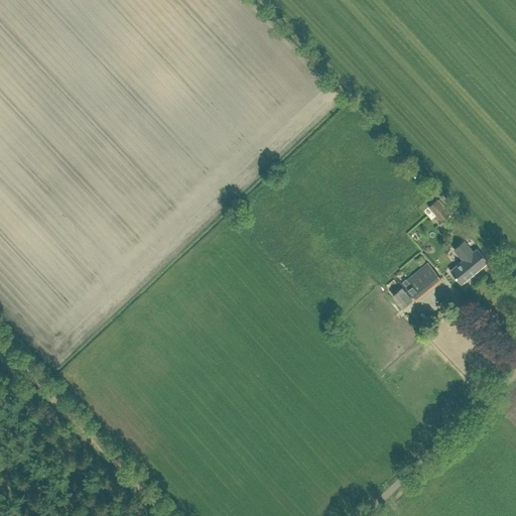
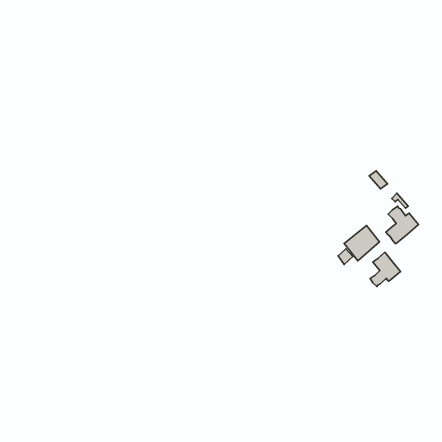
building: none -> [370,253,401,286]

